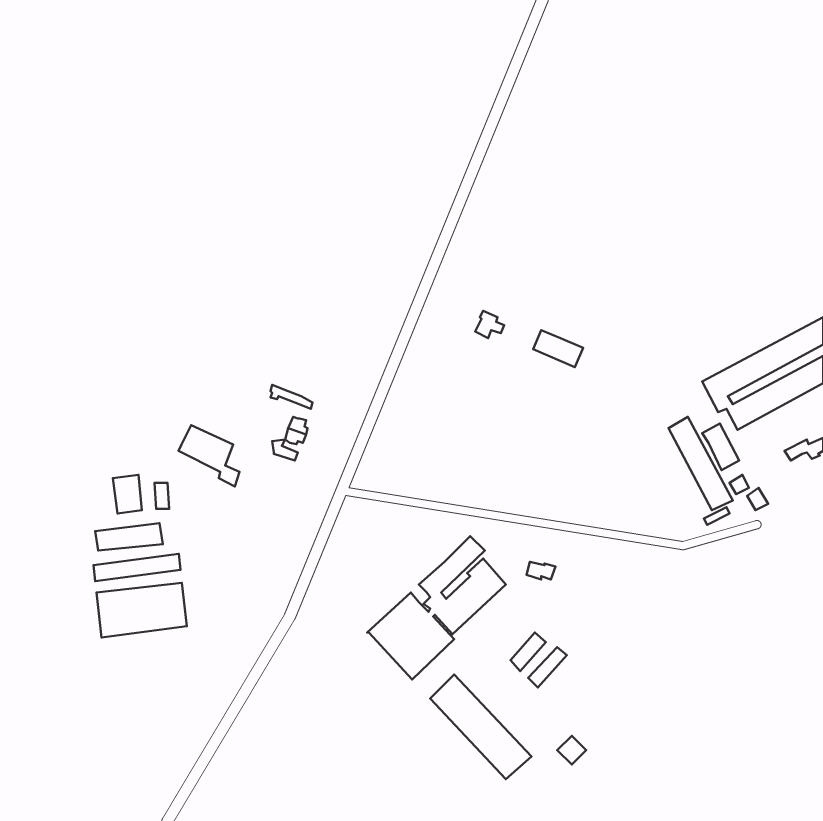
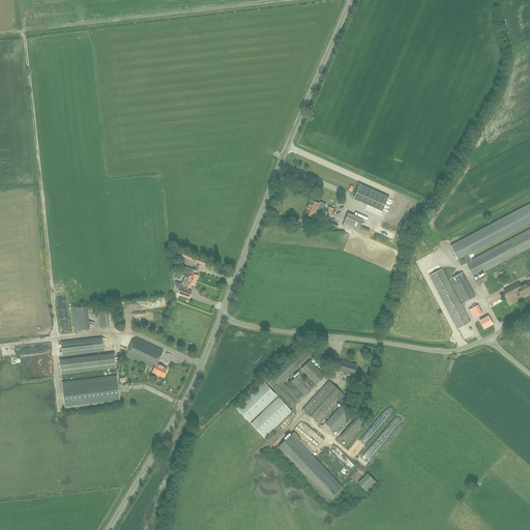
building: none -> [354,183,389,210]
building: [178,425,240,486] -> [127,337,167,377]
building: none -> [303,380,346,423]

